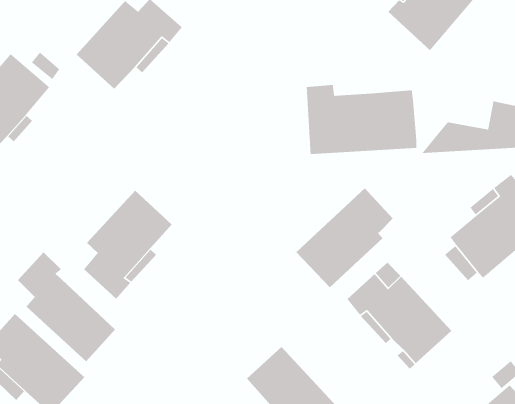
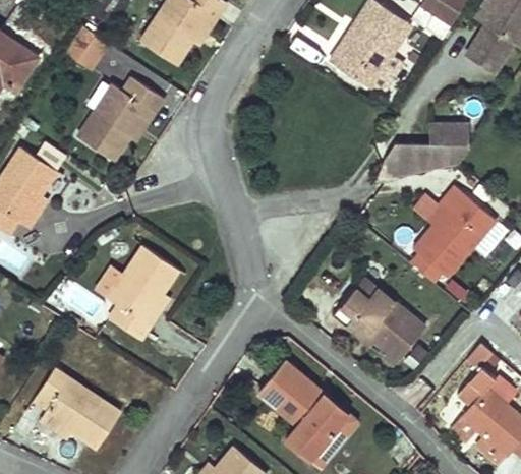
building: [306,84,417,155] -> none
building: [296,188,394,288] -> none
building: [17,252,116,362] -> none

